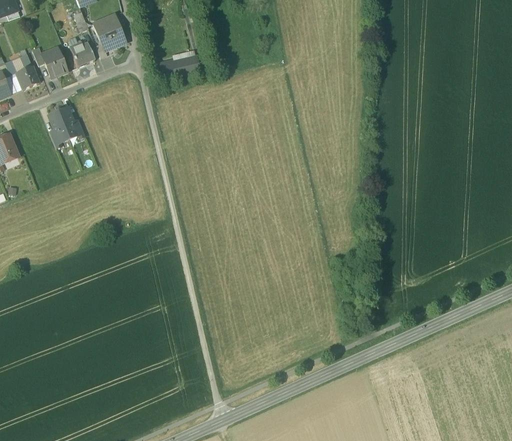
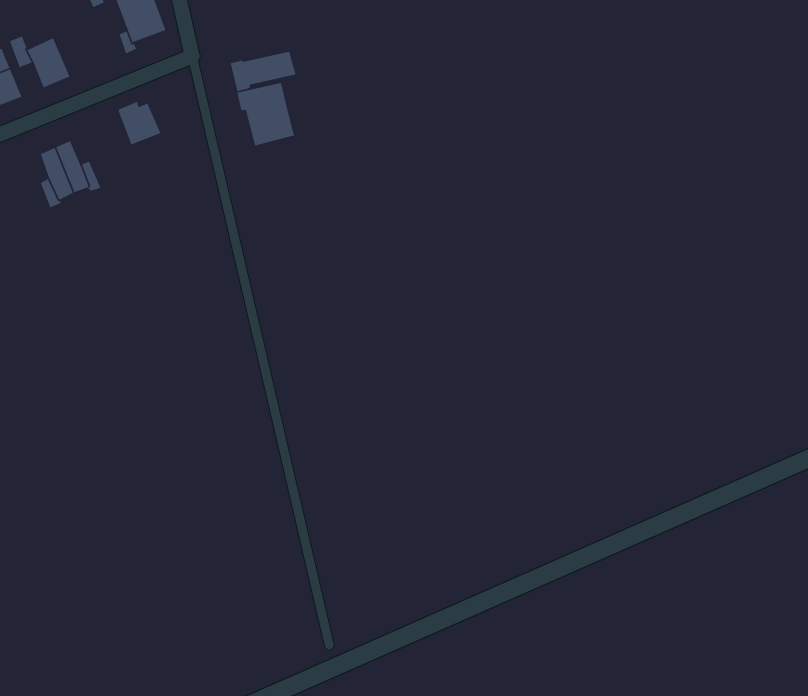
building: [69,39,95,65] -> [117,101,162,145]
building: none -> [236,82,295,146]

